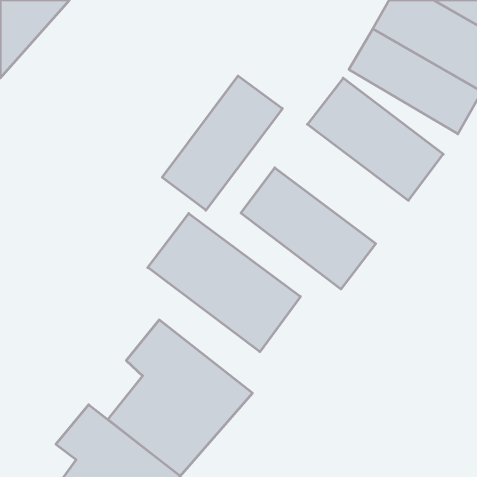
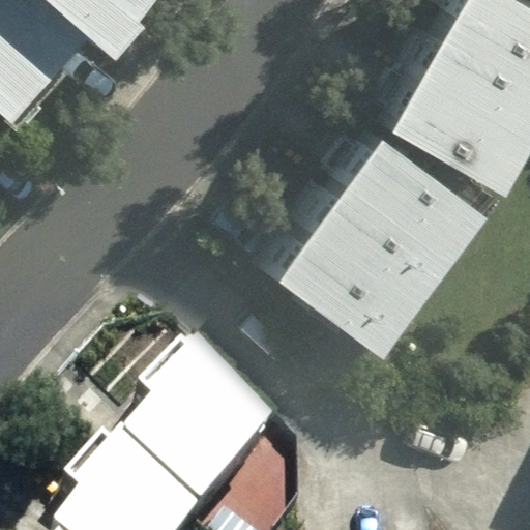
building: [162,76,282,210] -> none
building: none -> [312,150,455,278]
building: [148,213,300,352] -> none

